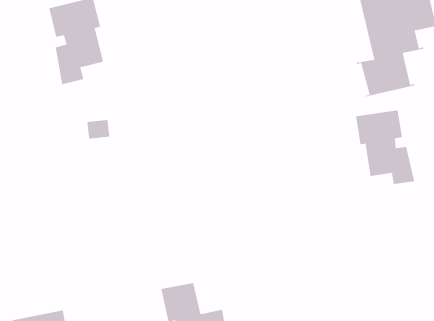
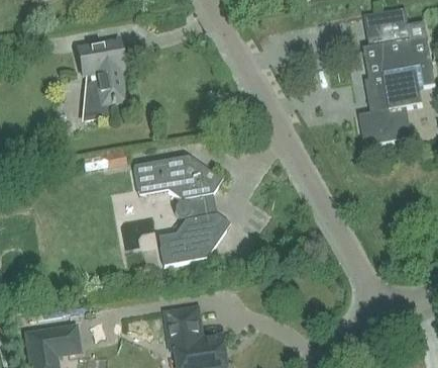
building: [355,110,415,185] -> none
building: none -> [133,155,225,265]

